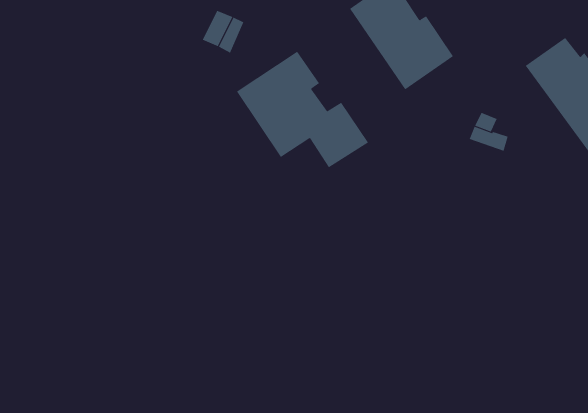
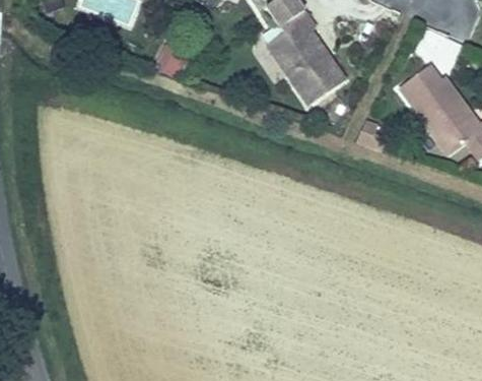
building: [236,51,369,168] -> none

